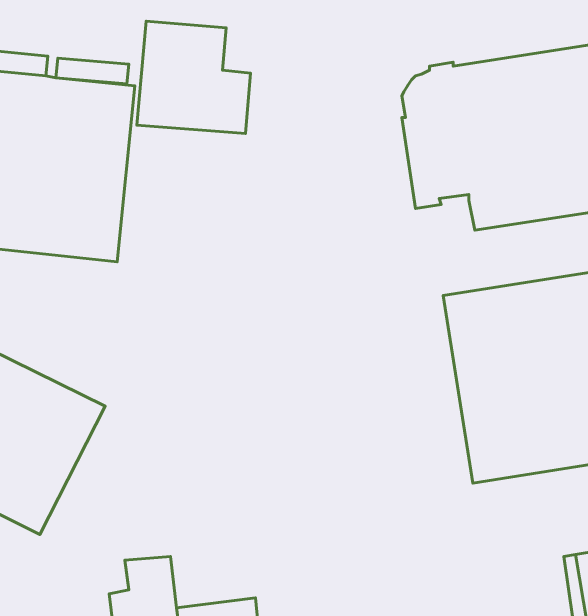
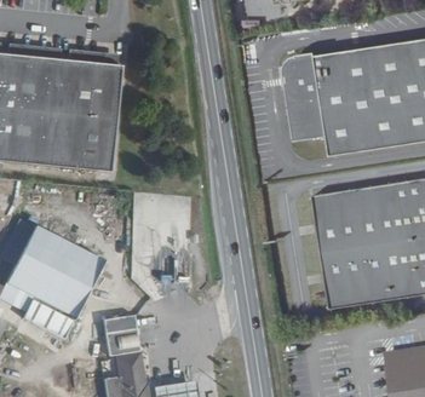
building: [137,21,251,134] -> none
building: none -> [100,316,137,355]

